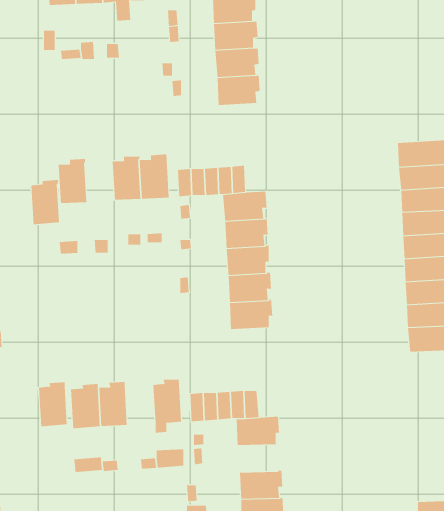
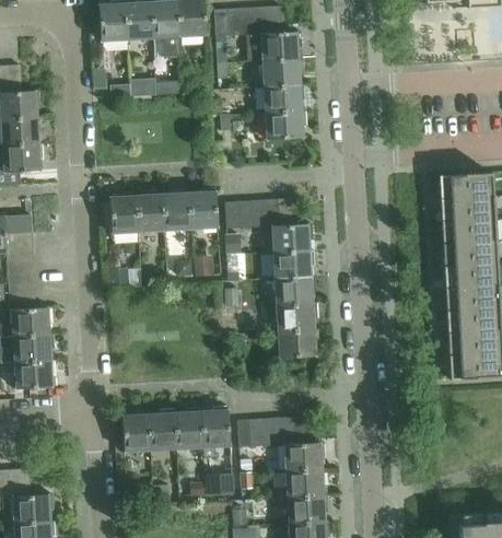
building: [30,180,60,225] -> [135,190,163,234]
building: [38,382,68,427] -> [174,407,202,451]
building: none -> [282,468,326,496]

